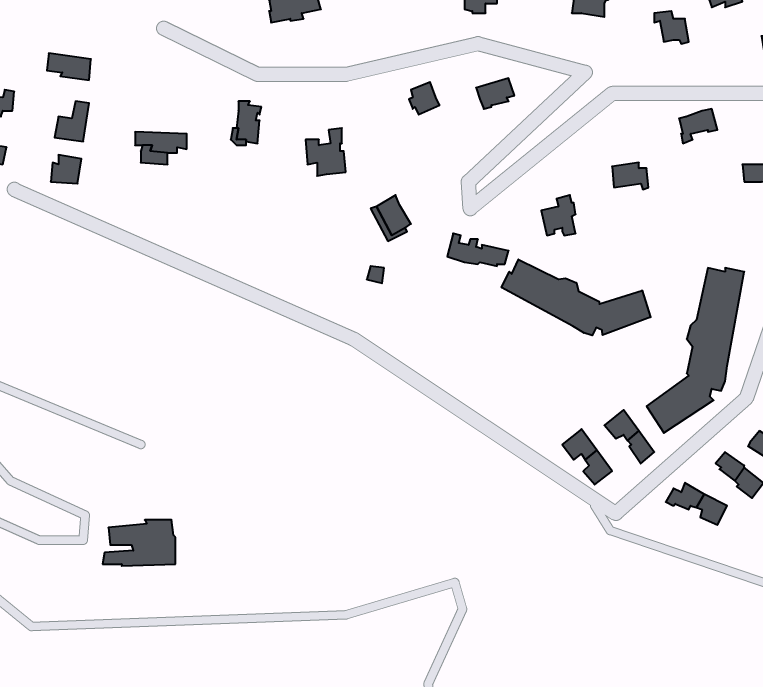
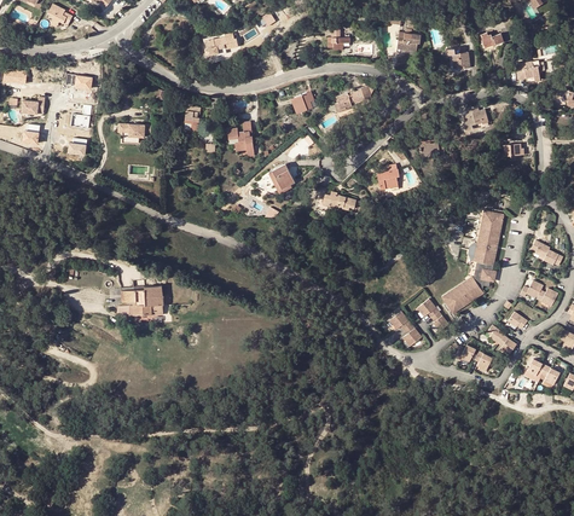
building: [502,259,651,335] -> none
building: [103,520,175,566] -> [116,285,162,314]

